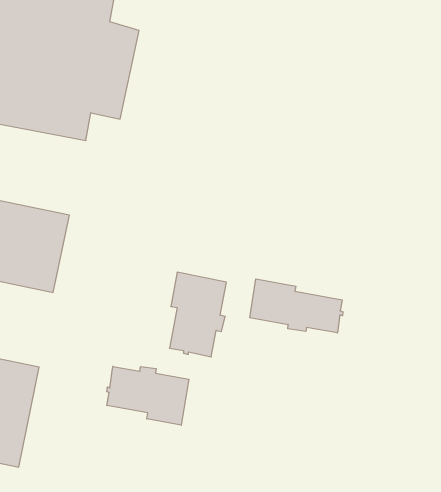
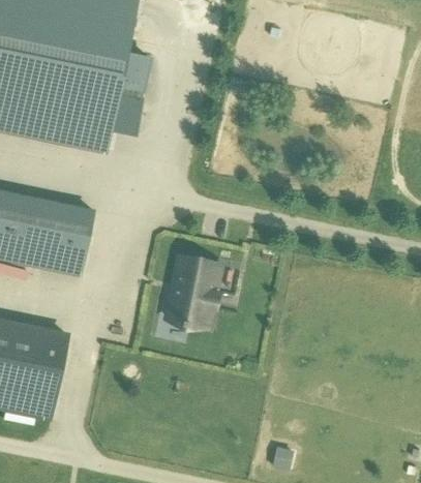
building: [250,279,343,333] -> none
building: [107,366,189,425] -> none

